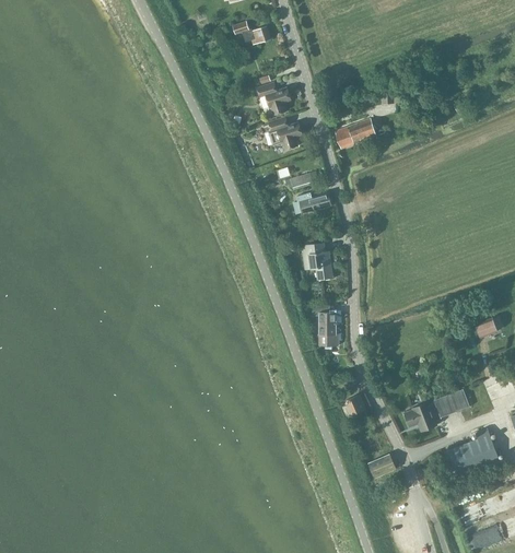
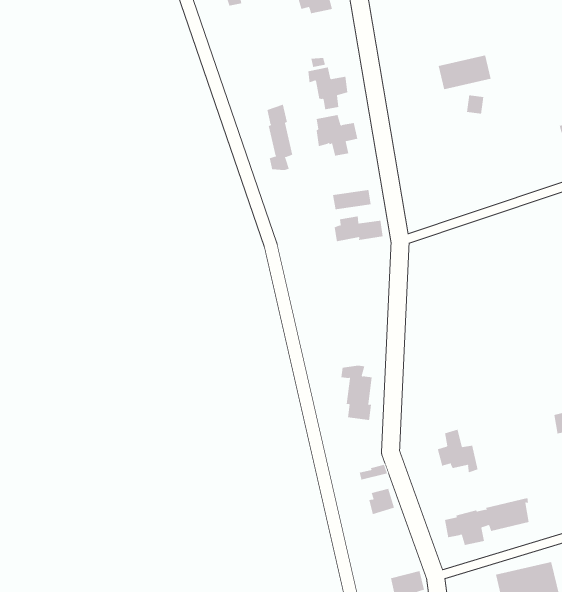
building: none -> [267,104,293,171]
building: [336,118,377,149] -> [438,55,491,90]
building: [302,243,333,280] -> none
building: none -> [437,429,478,473]

